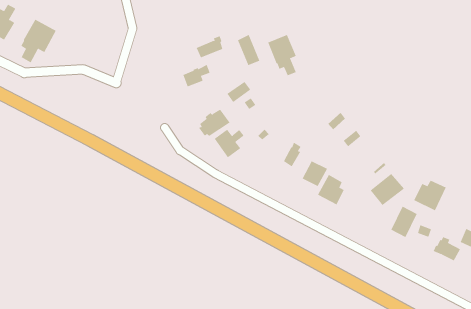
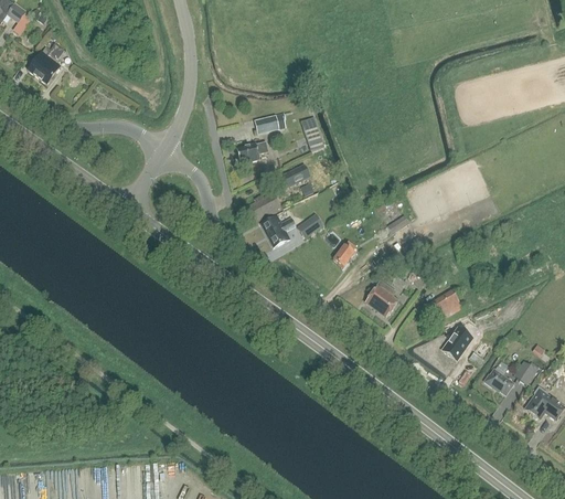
building: [20,19,56,63] -> none
building: [267,34,297,76] -> none
building: [302,160,328,187] -> none
building: [414,180,447,211] -> none

